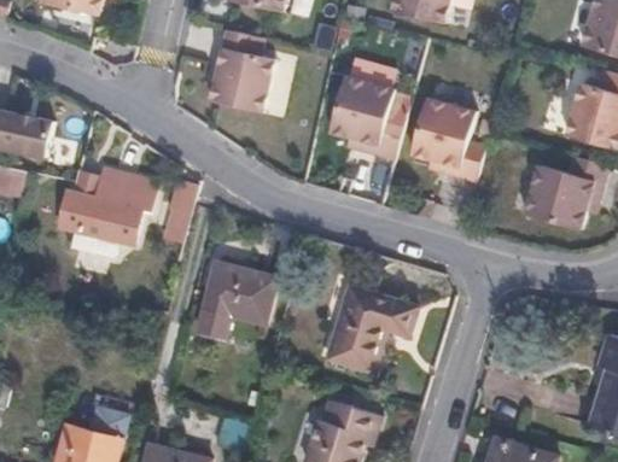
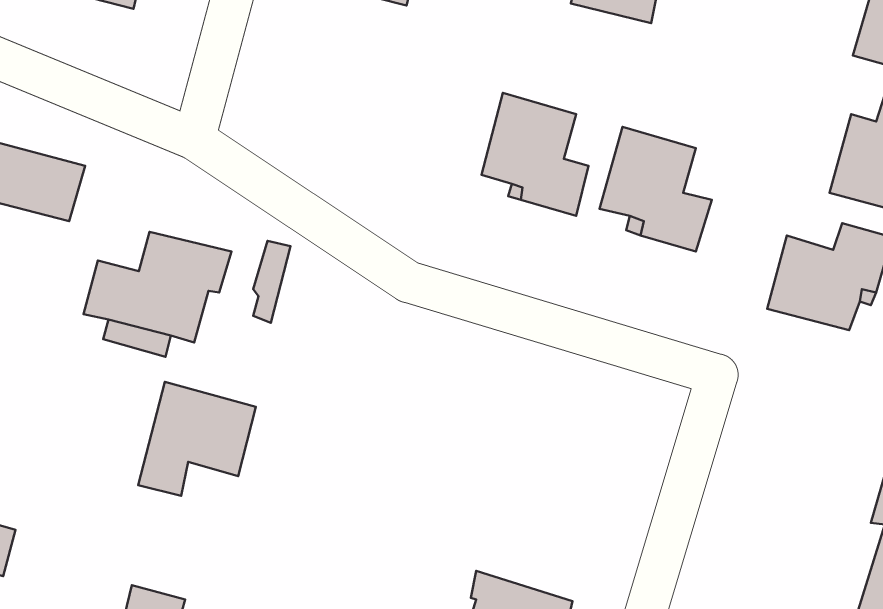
building: [205,31,270,115] -> none
building: [199,257,279,334] -> [138,382,256,496]
building: [326,276,414,364] -> none

